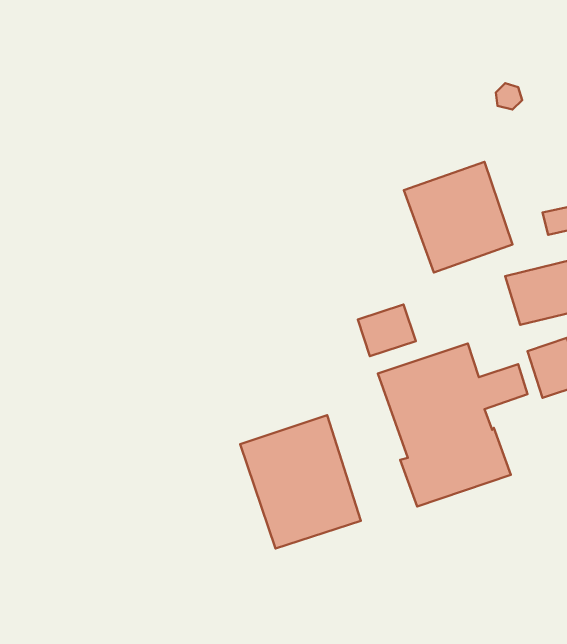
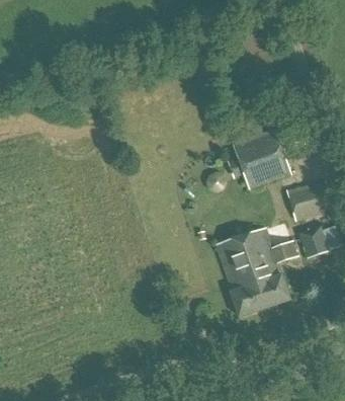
building: [358,305,416,356] -> none
building: [240,415,361,548] -> none

